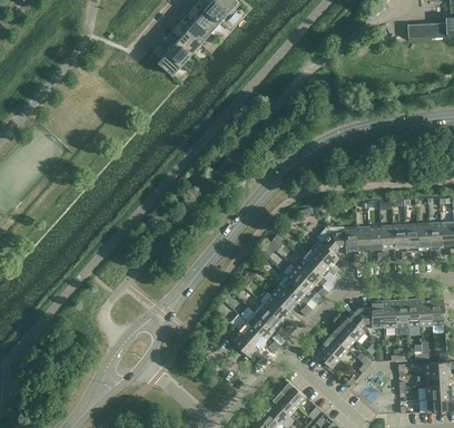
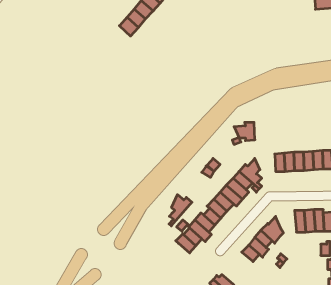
building: [330,227,357,251] -> [234,122,255,141]
building: none -> [169,195,192,226]
building: [357,300,384,329] -> none

